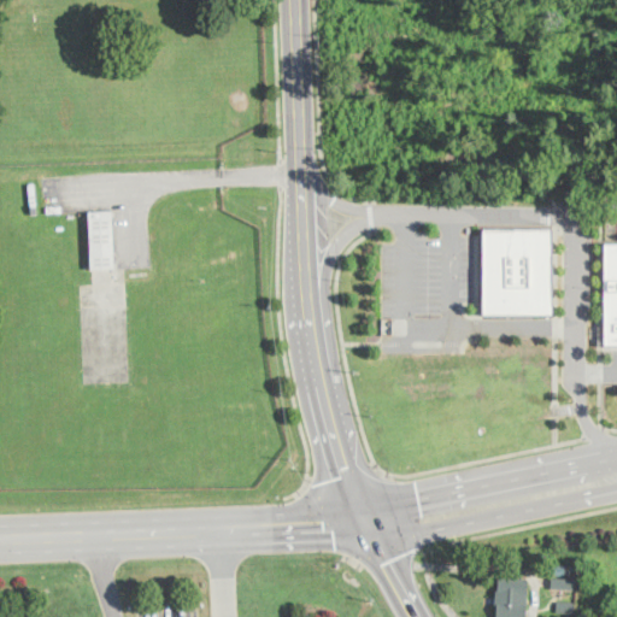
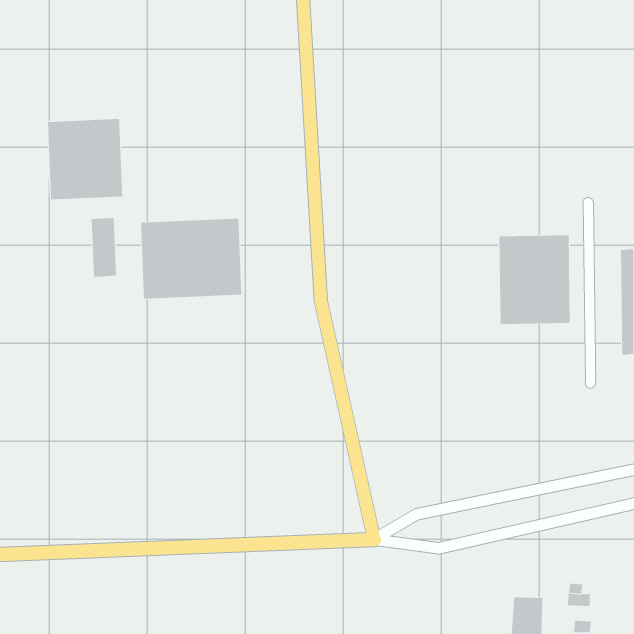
building: none -> [47,118,123,200]
building: none -> [140,218,242,299]

